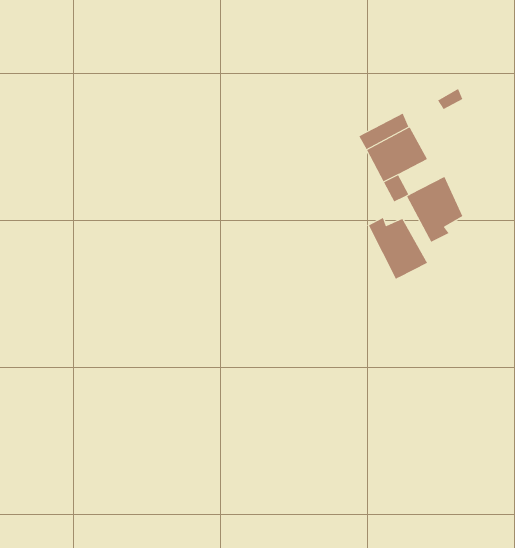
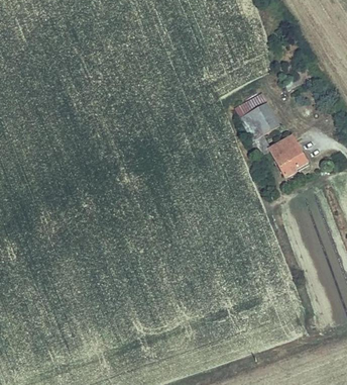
building: [368,217,428,280] -> none

